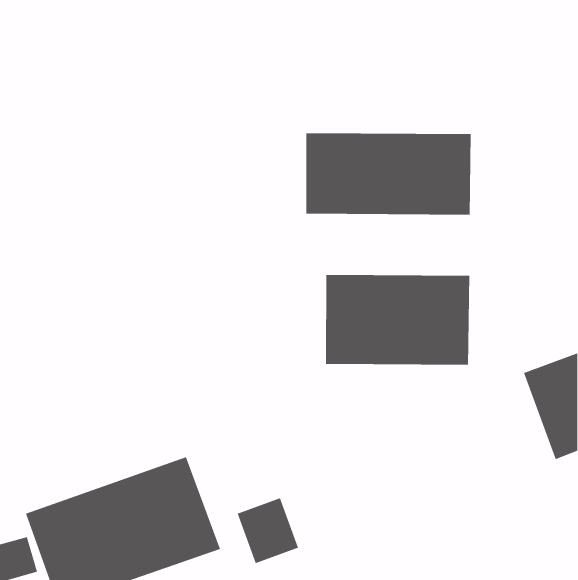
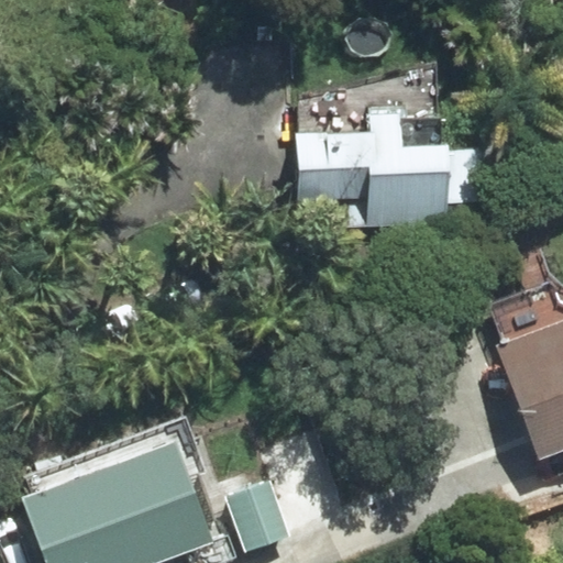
building: [326,274,470,365] -> none

